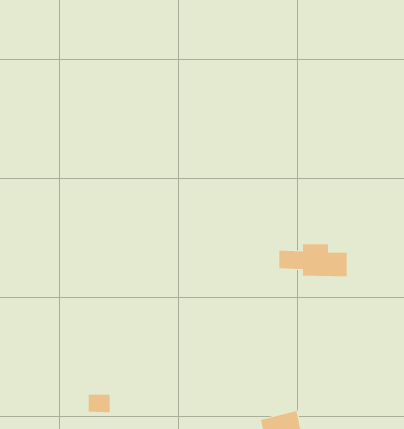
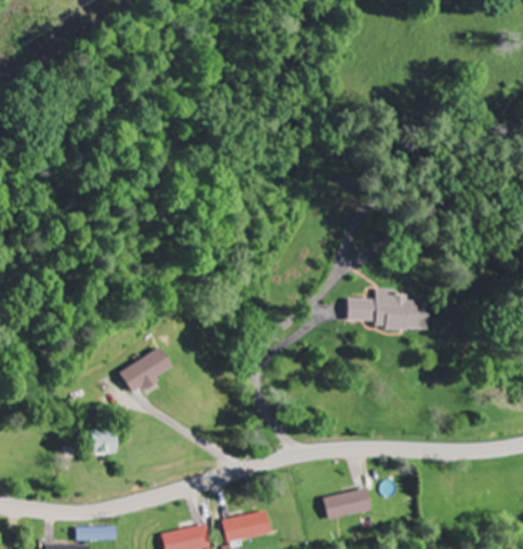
building: none -> [120,347,176,391]
building: [88,394,111,413] -> [90,431,116,453]

